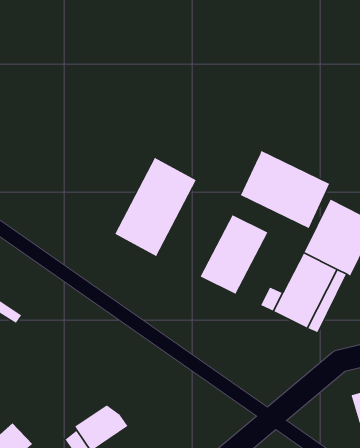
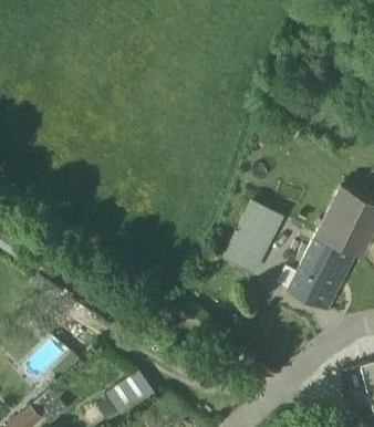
building: [240,150,330,229] -> none
building: [114,157,197,257] -> none

